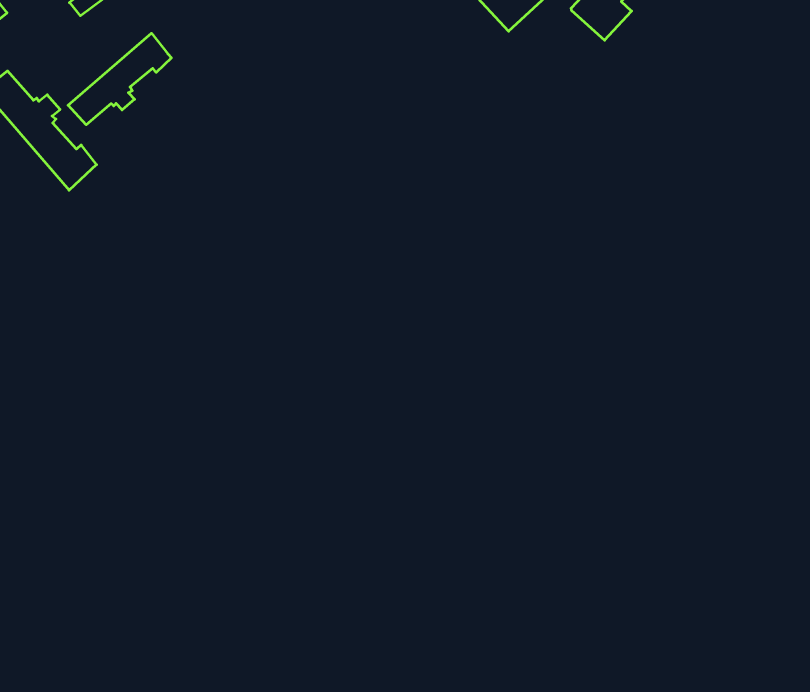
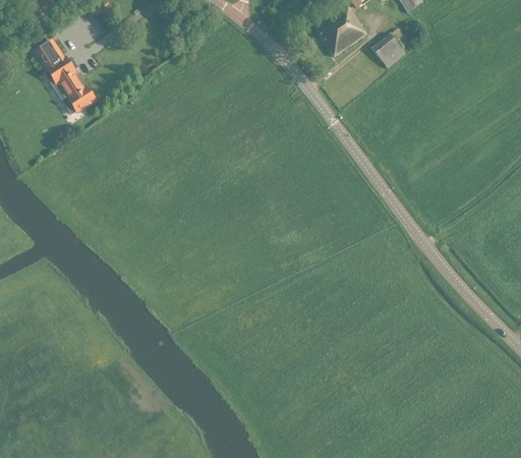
building: [68,33,171,125] -> none

